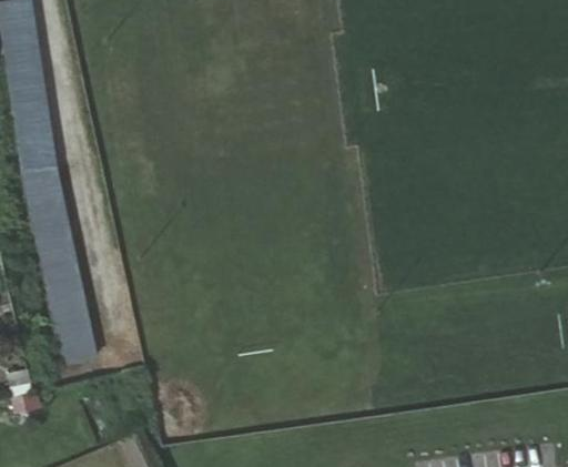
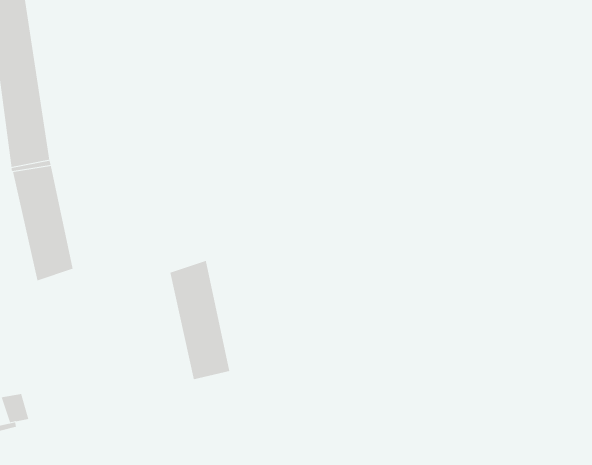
building: [44,264,99,372] -> [170,260,230,380]

